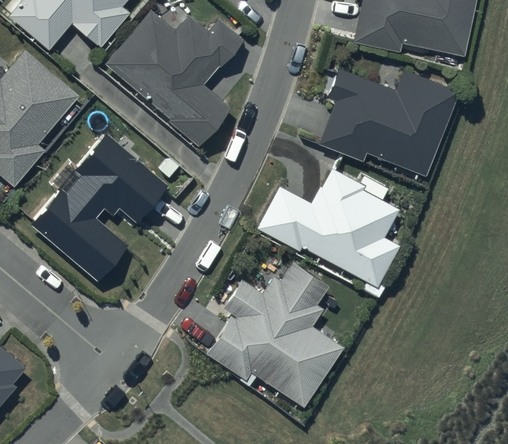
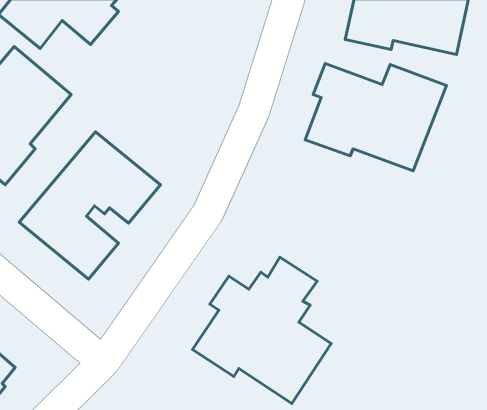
building: [104,10,244,145] -> none
building: [252,167,397,286] -> none

